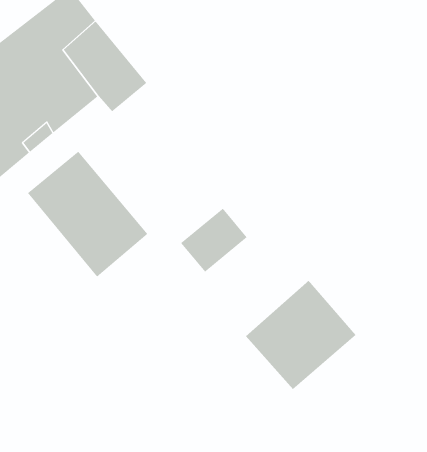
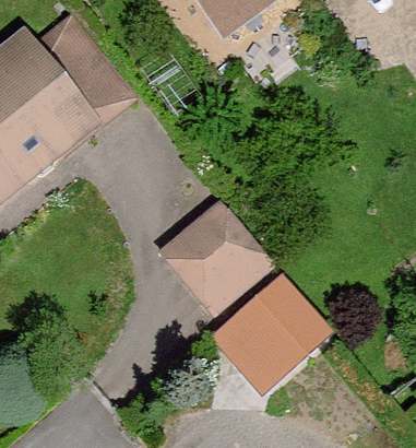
building: [27,151,148,278] -> none
building: none -> [183,204,269,313]

